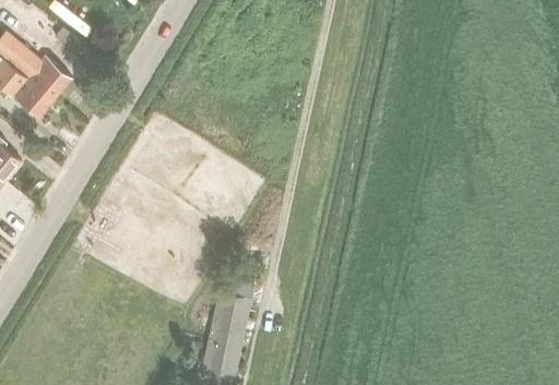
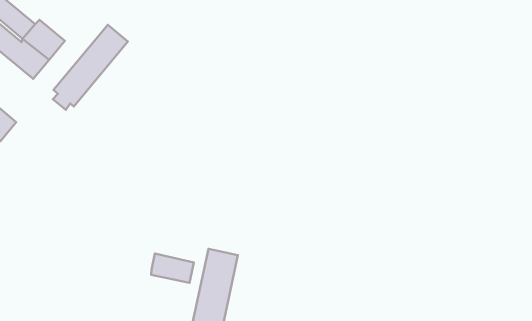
building: none -> [53,25,128,110]
building: none -> [151,253,194,283]

